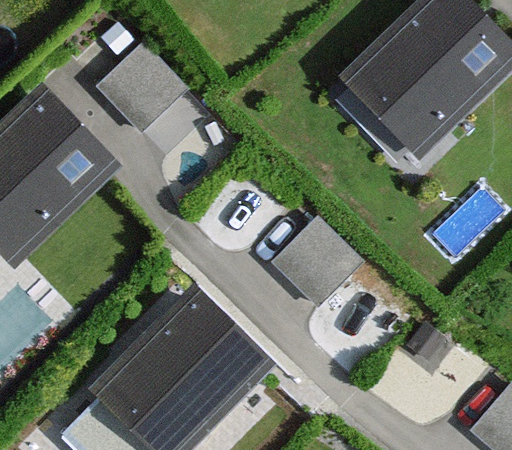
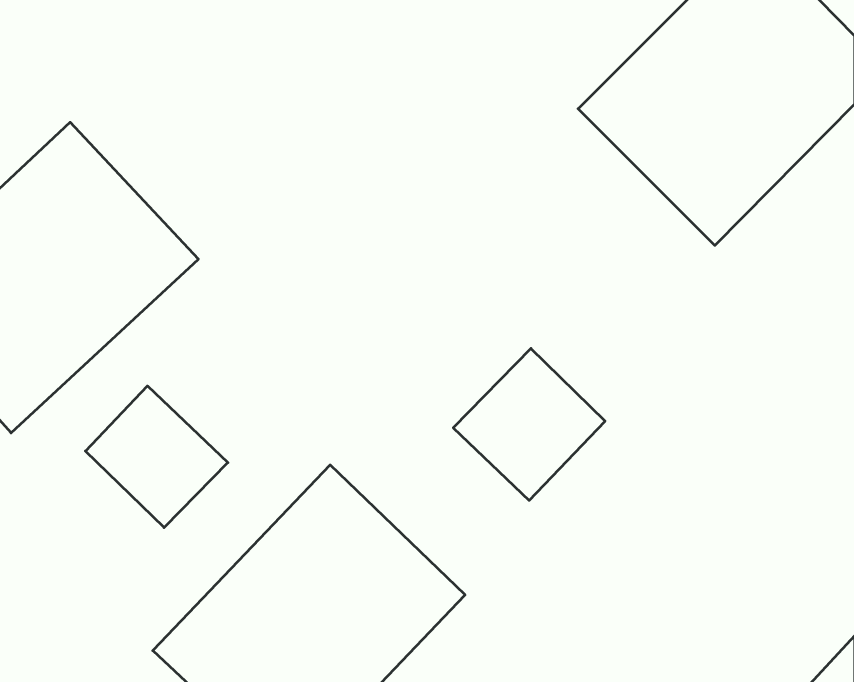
building: [91,45,182,136] -> none
building: none -> [85,386,228,528]

